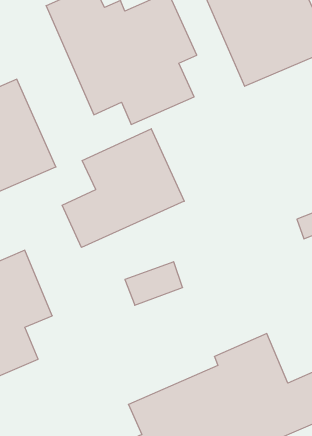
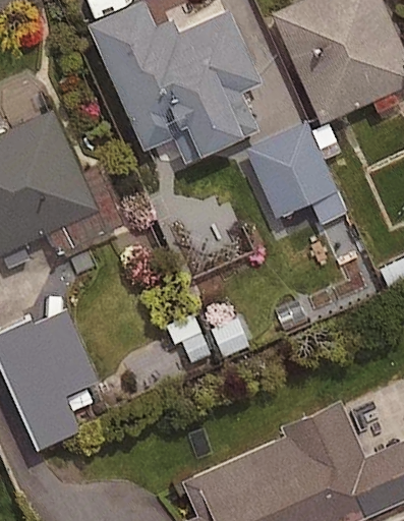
building: none -> [246,124,349,232]
building: [62,129,184,247] -> none

